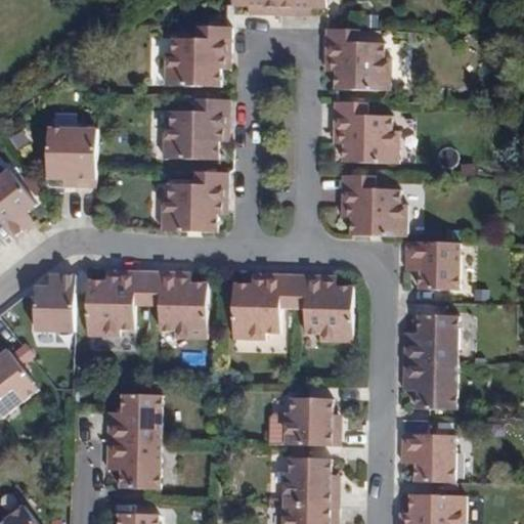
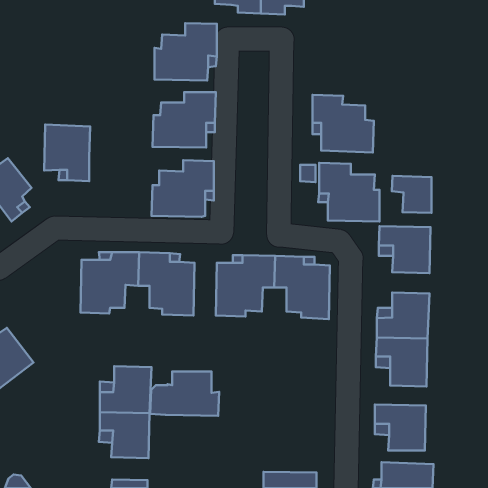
building: [325,29,389,89] -> none
building: none -> [392,176,432,213]
building: [33,271,75,330] -> none
building: [267,398,341,445] -> [150,372,219,416]
building: [281,458,339,505] -> none

